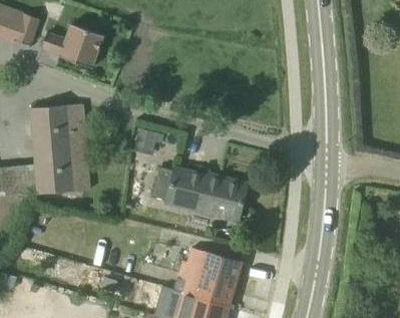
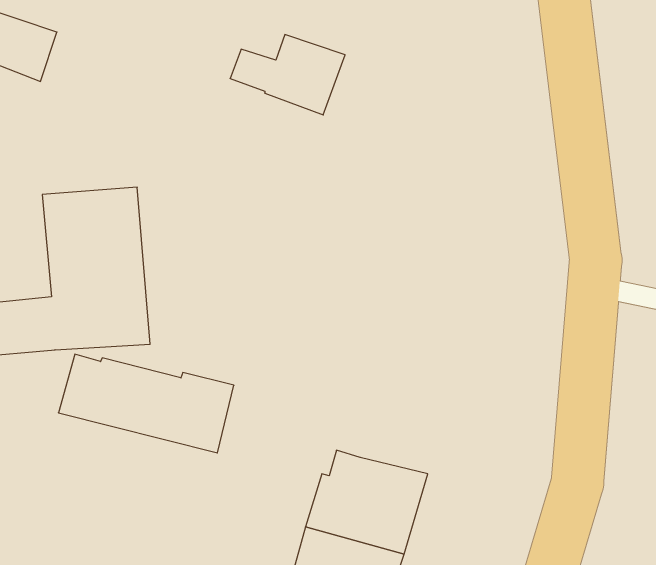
building: [40,24,103,68] -> [230,35,345,115]
building: [132,127,163,154] -> none
building: [150,167,247,221] -> [58,354,234,453]

